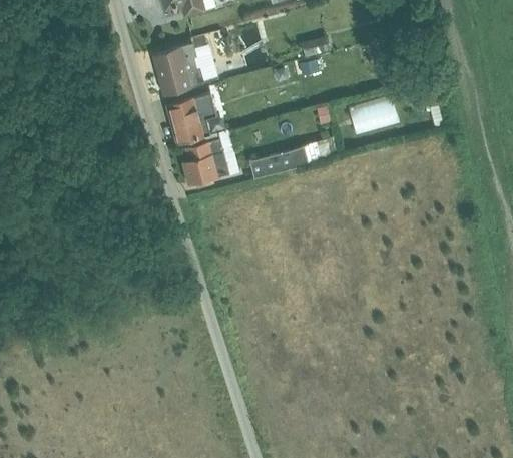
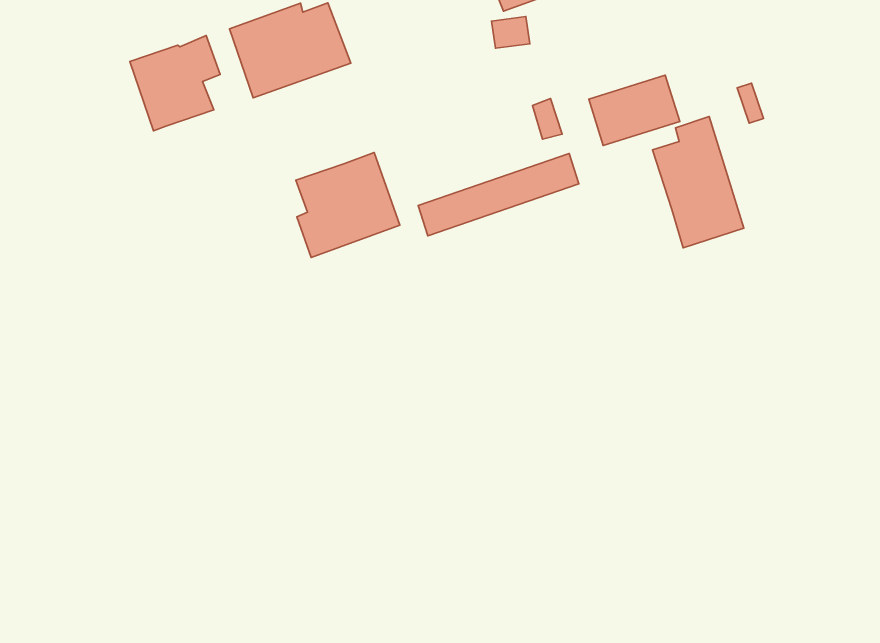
building: [165,93,214,143] -> [130,36,220,131]
building: none -> [652,117,744,248]

